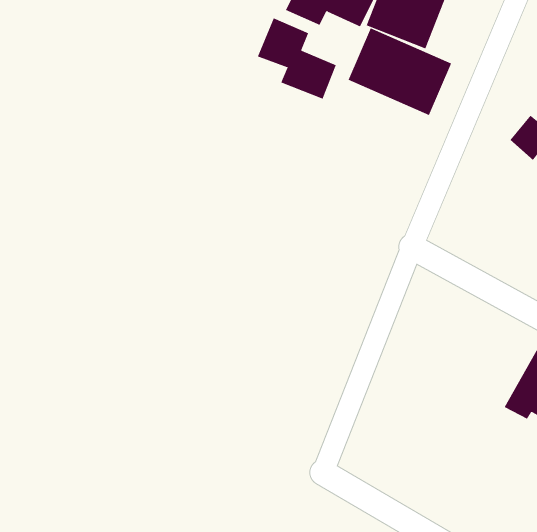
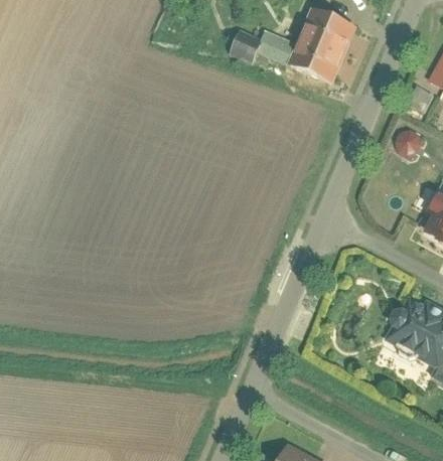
building: [257,17,336,99] -> none
building: [348,27,452,116] -> none

